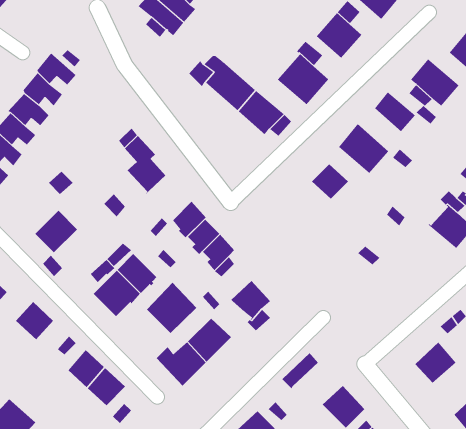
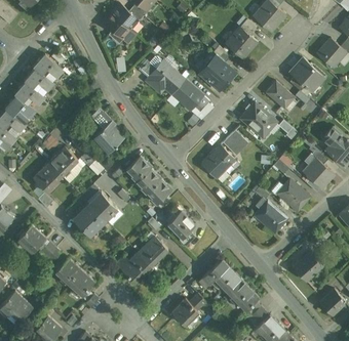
building: none -> [200,144,234,178]
building: none -> [48,146,77,175]
building: none -> [276,179,309,210]
building: none -> [254,201,286,232]
building: [146,282,197,334] -> none
building: none -> [209,266,243,295]

